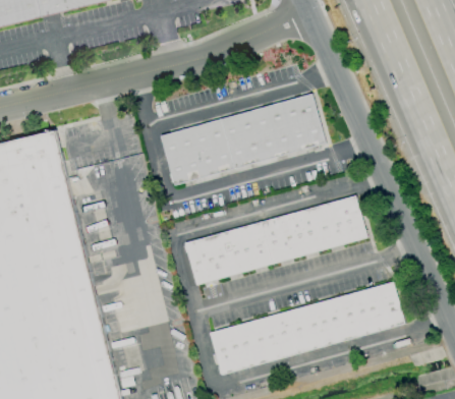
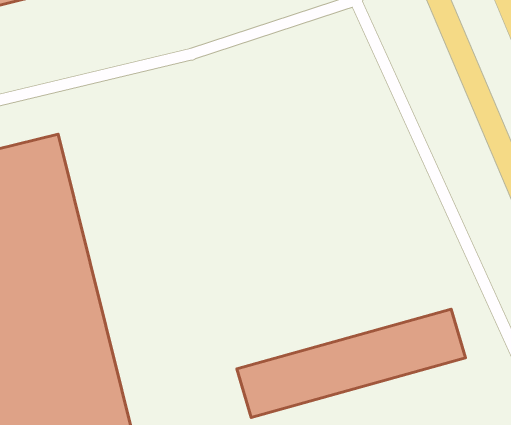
building: [160,95,323,185] -> none
building: [183,195,364,286] -> none

